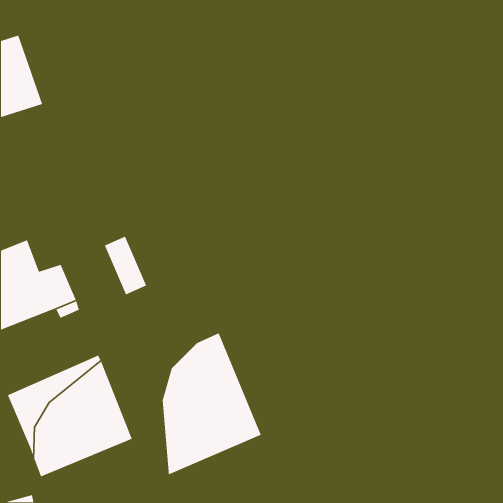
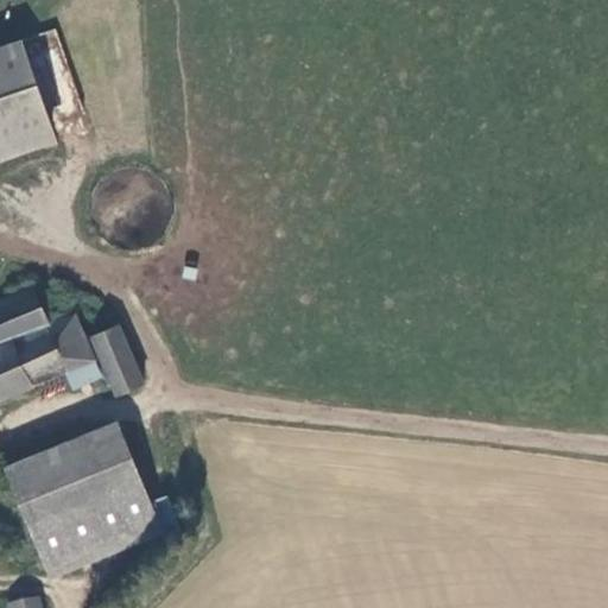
building: [104,235,147,296] -> [90,323,142,395]
building: [162,332,262,475] -> none

